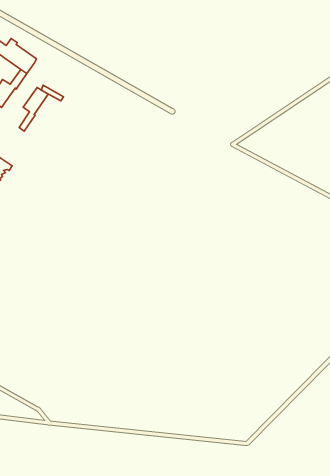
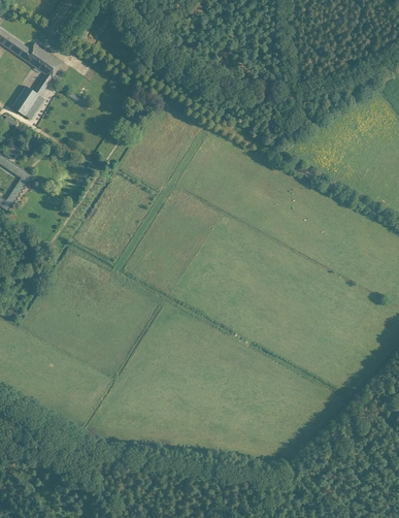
building: [19,88,48,131] -> none

